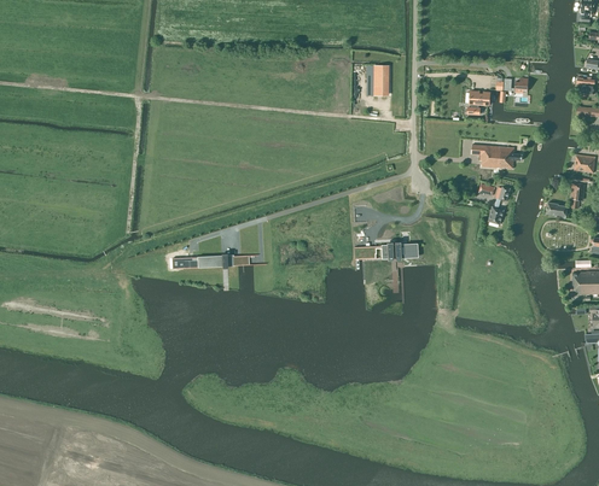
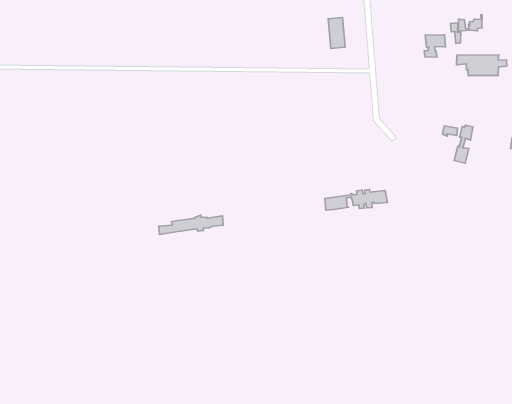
building: [471,145,522,169] -> [457,55,507,76]

